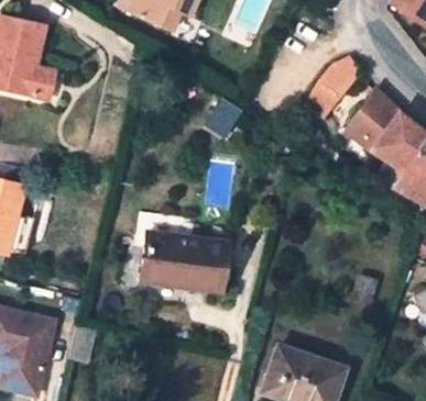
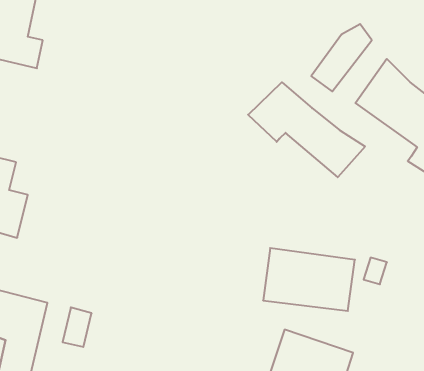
building: none -> [248,82,365,177]
building: [141,232,228,291] -> [263,248,355,311]

